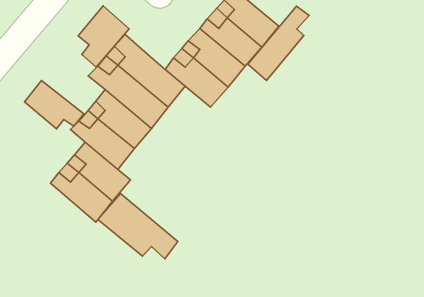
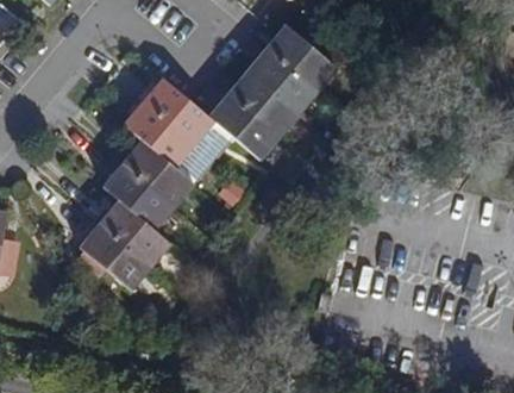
building: [78,6,129,67] -> none
building: [248,6,309,81] -> none
building: [25,80,84,129] -> none
building: [98,193,178,259] -> none

